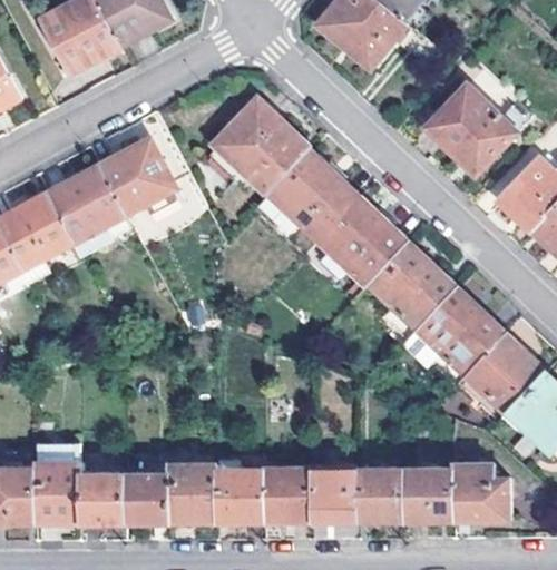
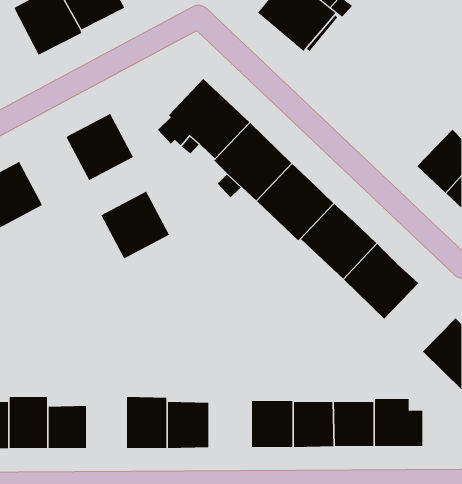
building: [426,83,518,176] -> none
building: [47,166,126,244] -> [100,191,170,259]
building: [462,333,544,413] -> none
building: [263,466,311,520] -> none
building: [124,472,168,521] -> none

